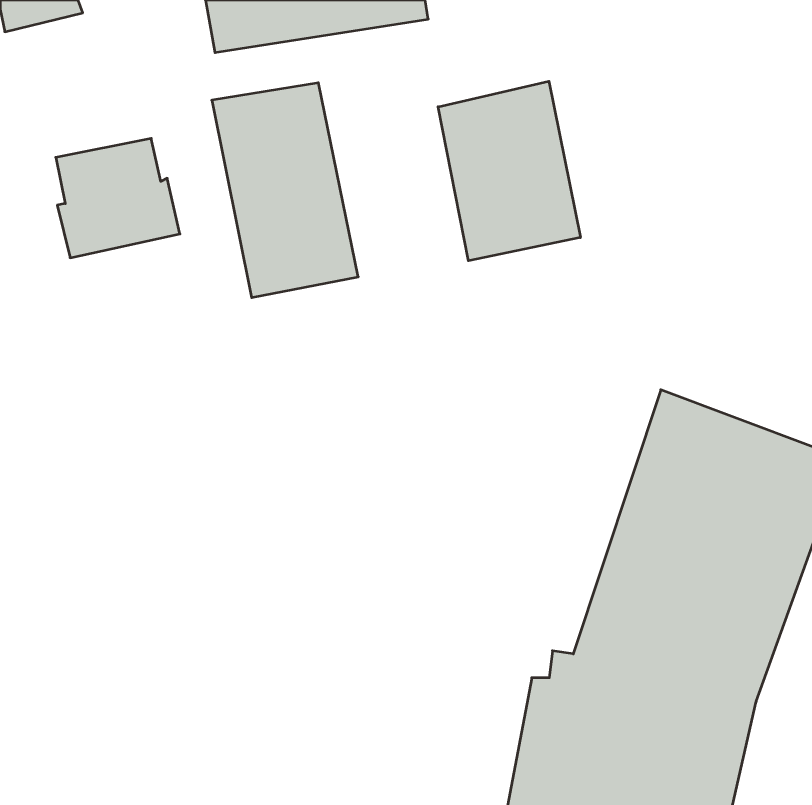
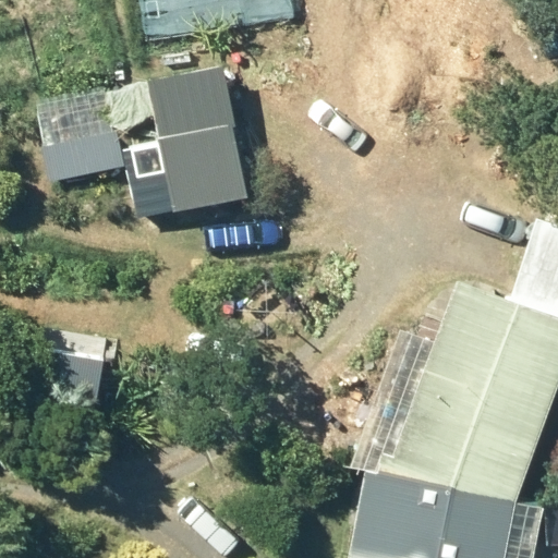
building: [438,81,580,261] -> none

